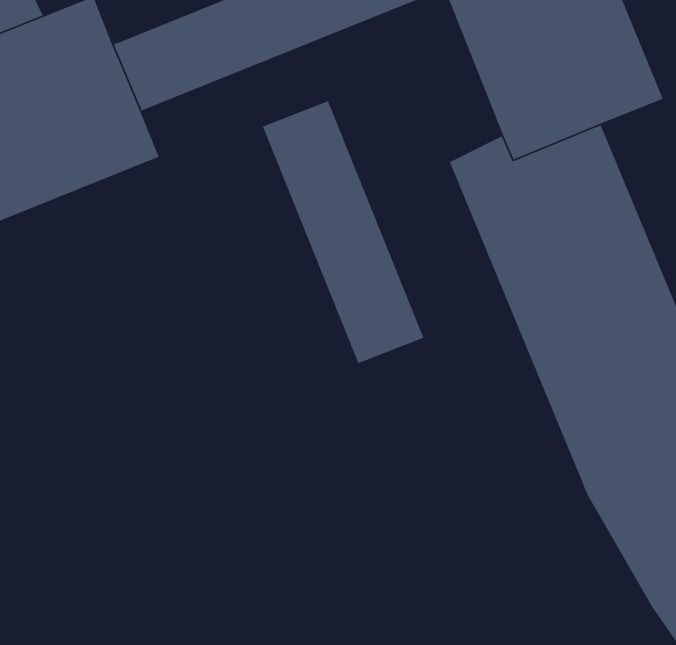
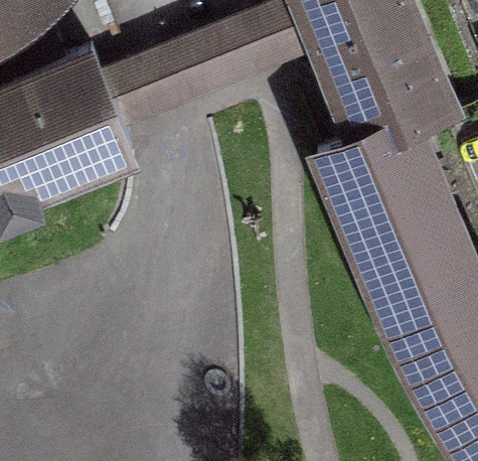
building: [262,100,425,364] -> none

